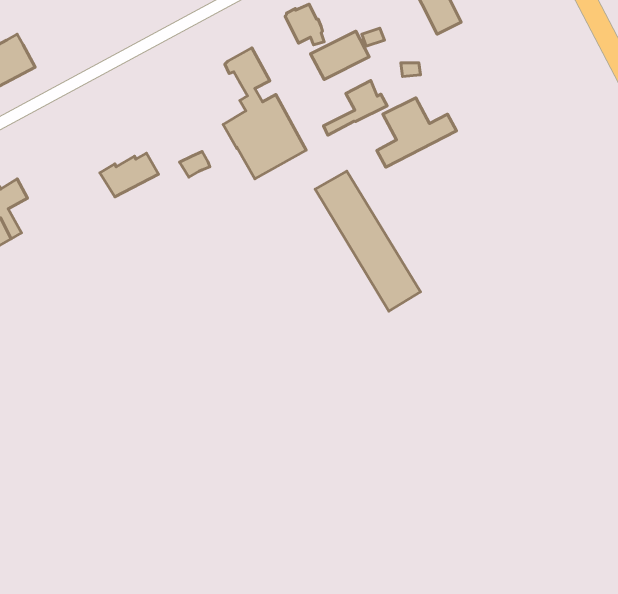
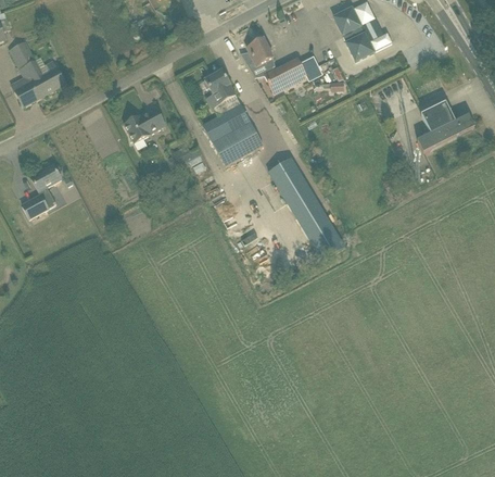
building: [323,80,387,135] -> none
building: [377,98,457,167] -> [416,100,473,150]
building: [100,153,158,197] -> [124,110,166,141]

